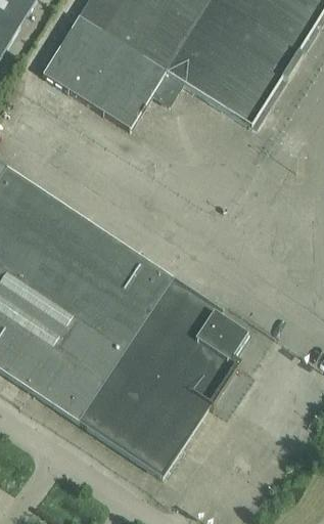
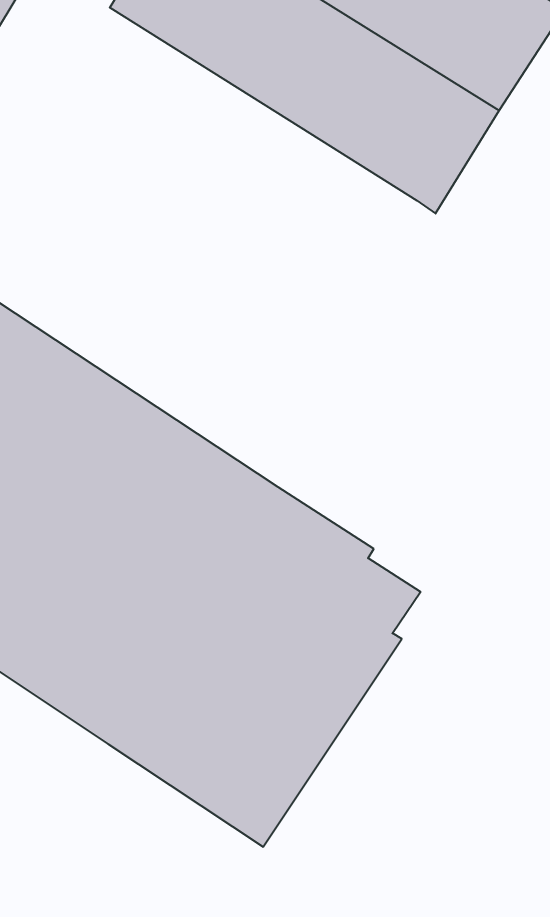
building: [42,14,182,127] -> none

